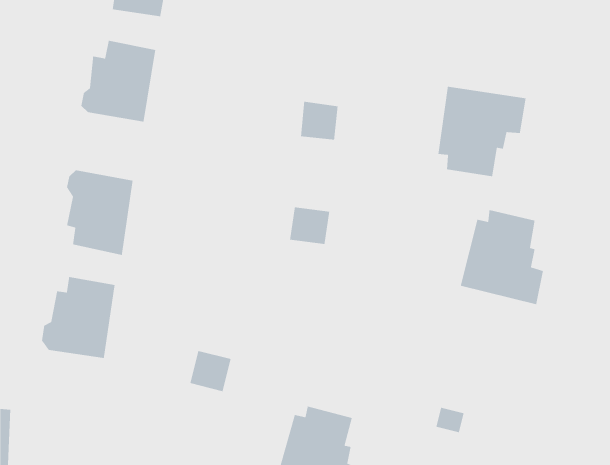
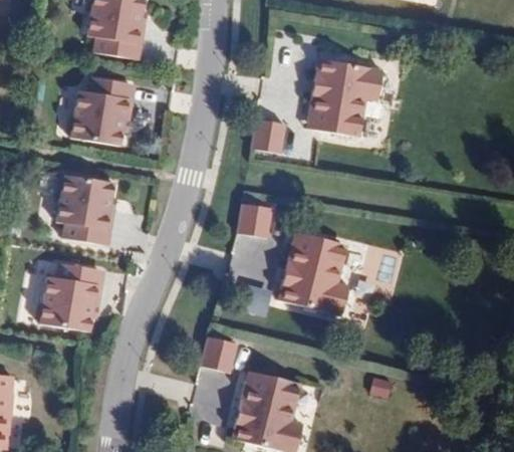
building: [438,86,526,177] -> [307,55,381,132]
building: [460,209,544,305] -> [289,238,359,318]
building: [189,350,231,392] -> [204,337,239,373]

